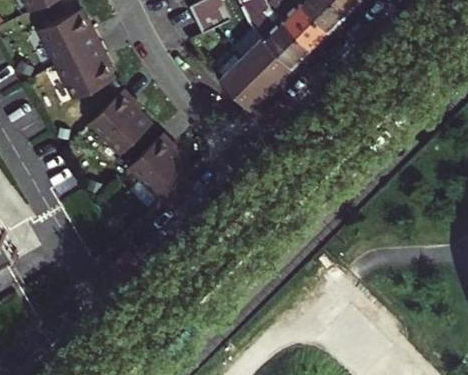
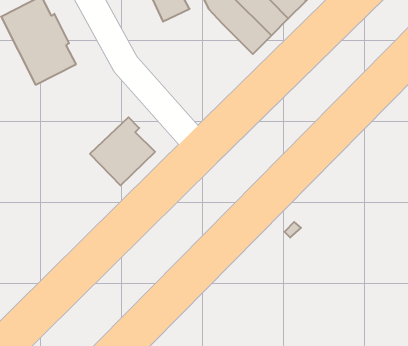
building: [218,36,291,109] -> none
building: [88,86,153,155] -> none

